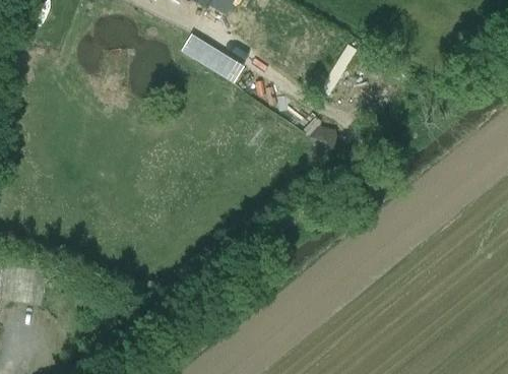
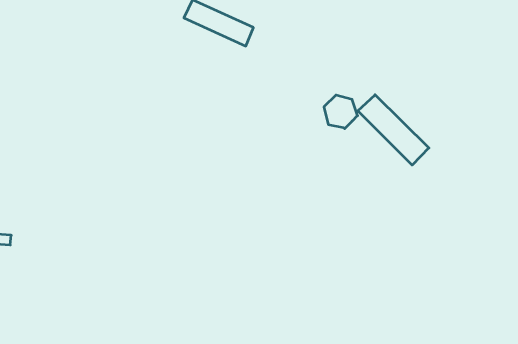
building: none -> [358,95,429,165]

